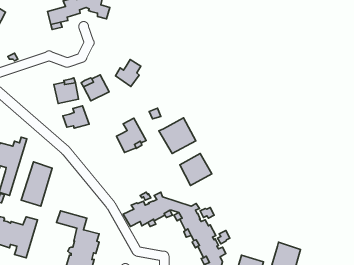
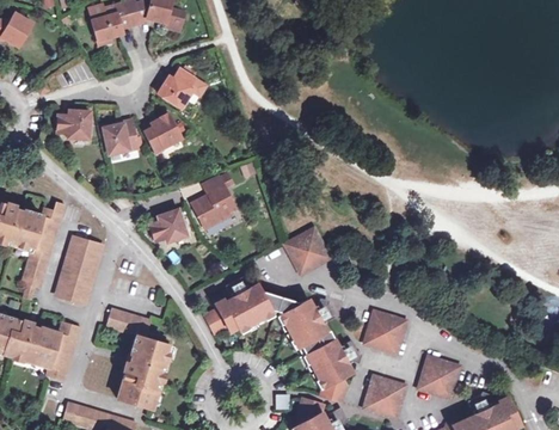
building: [115,60,141,87] -> [158,68,195,108]
building: none -> [57,110,91,139]
building: [63,106,89,128] -> [149,209,188,241]
building: [159,118,196,154] -> none
building: none -> [364,311,407,354]

